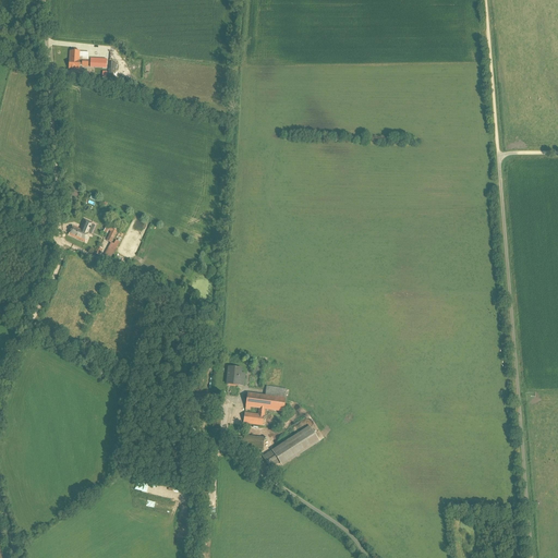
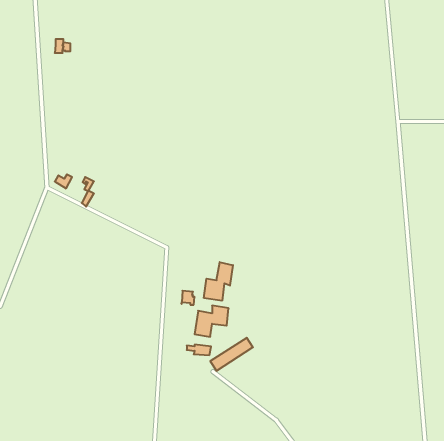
building: none -> [204,262,233,301]

